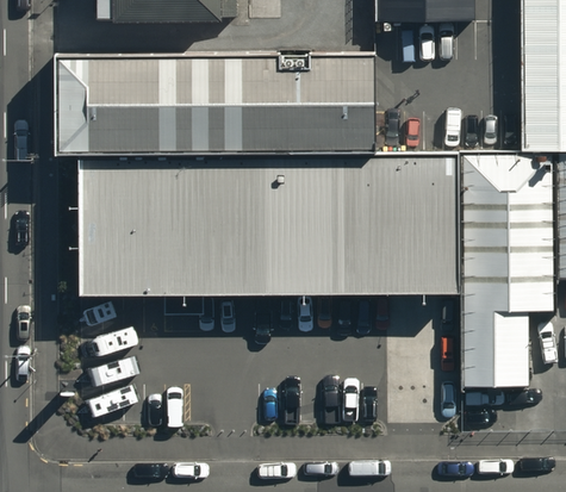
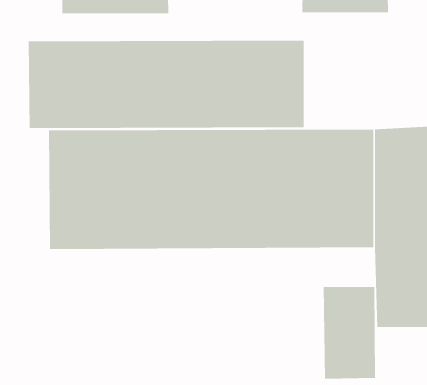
building: none -> [323,286,376,379]

